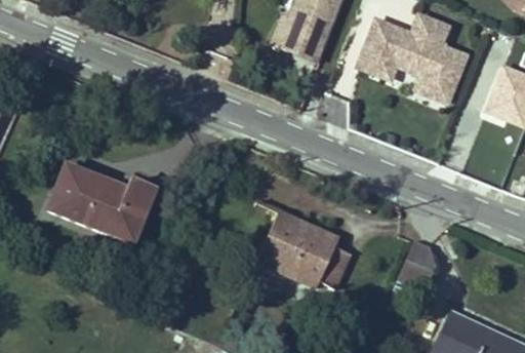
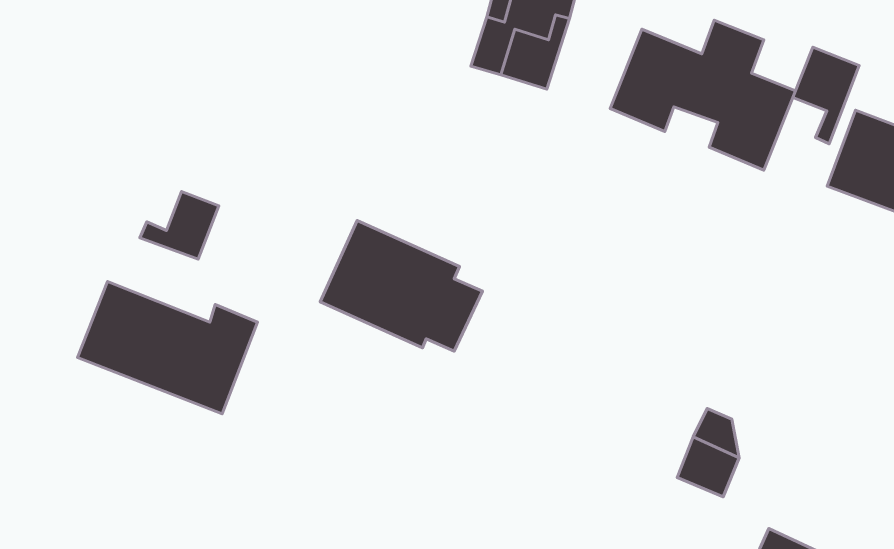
building: none -> [793,47,859,144]
building: none -> [140,191,219,259]
building: [257,211,352,287] -> [320,221,483,351]

